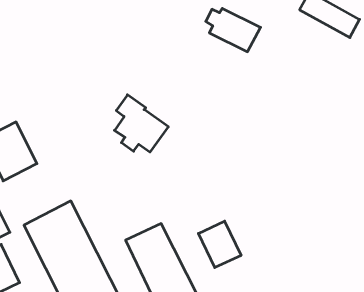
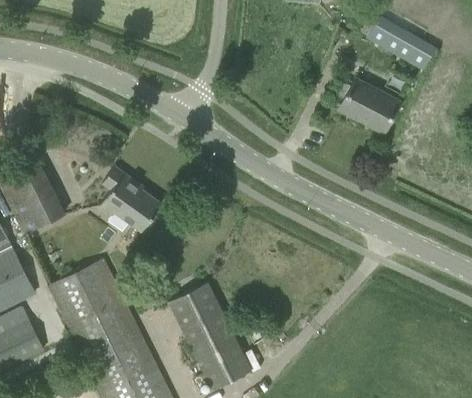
building: [206,8,261,52] -> [335,81,398,131]
building: [114,95,168,152] -> [100,166,162,232]
building: [198,221,241,268] -> none

